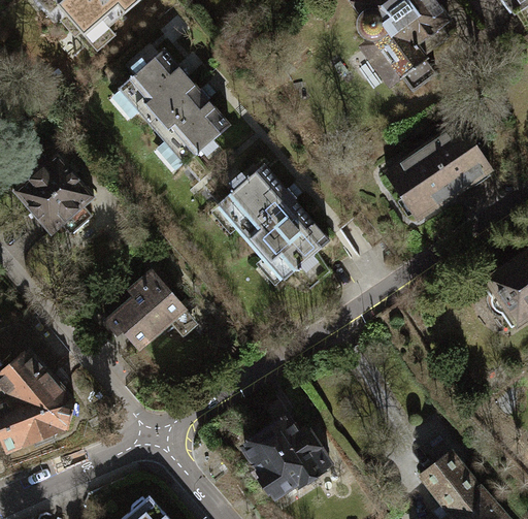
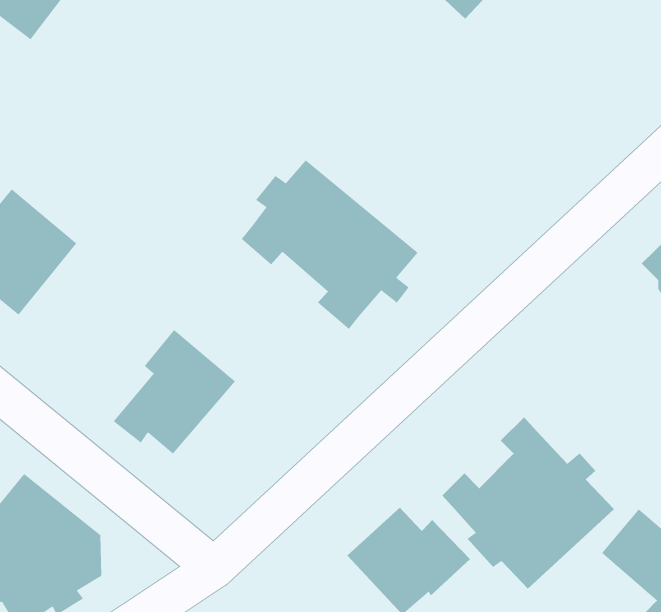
building: [108,50,232,175] -> none
building: [382,122,493,225] -> none
building: none -> [442,417,615,590]

